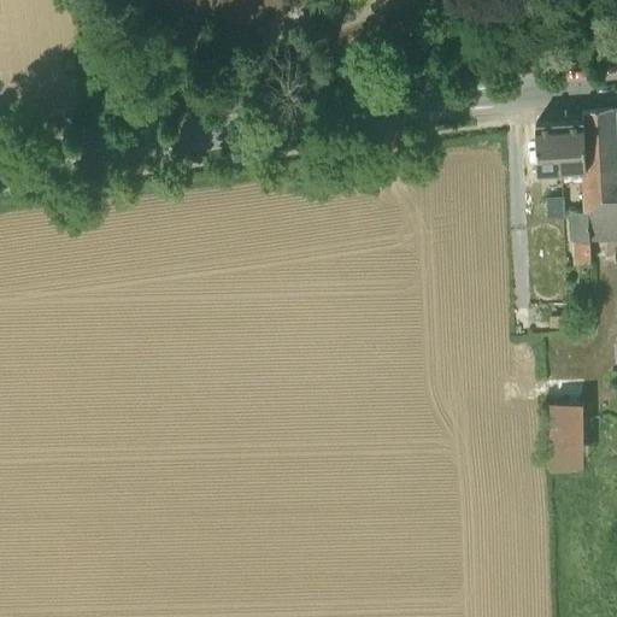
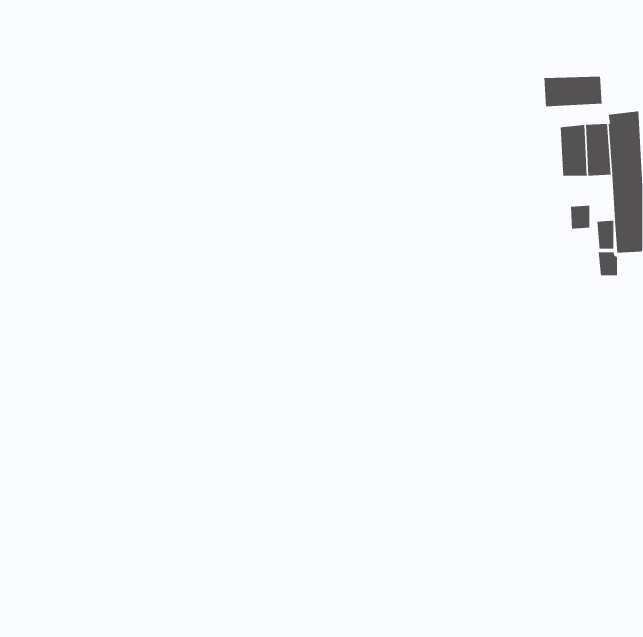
building: none -> [544,76,602,107]
building: [551,400,587,468] -> none

